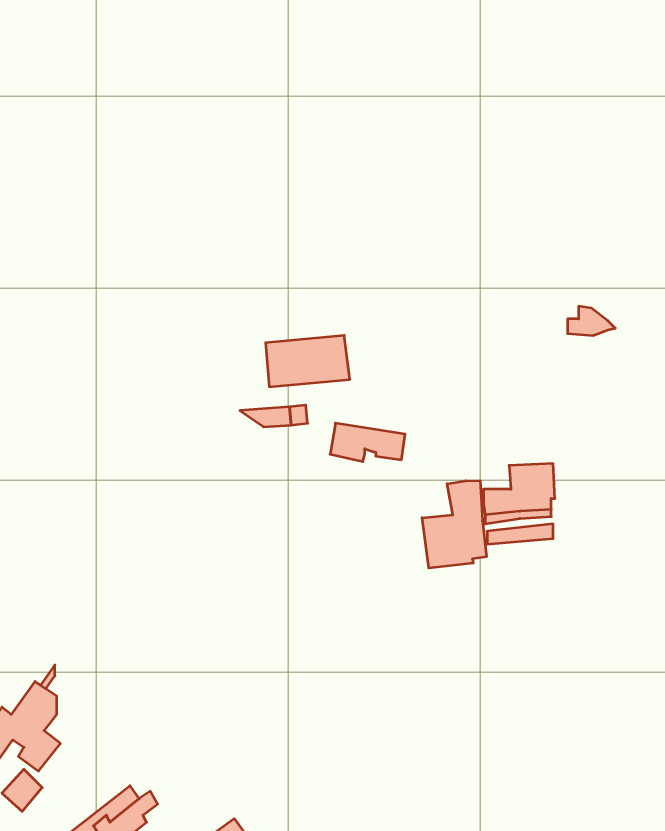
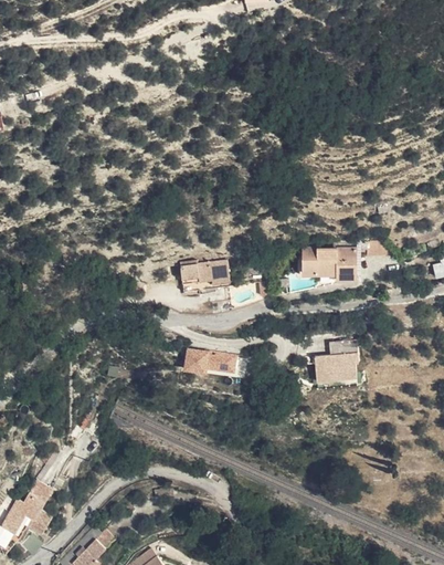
building: none -> [306,248,362,276]
building: [330,423,405,462] -> [178,348,223,372]
building: [422,481,486,568] -> none

